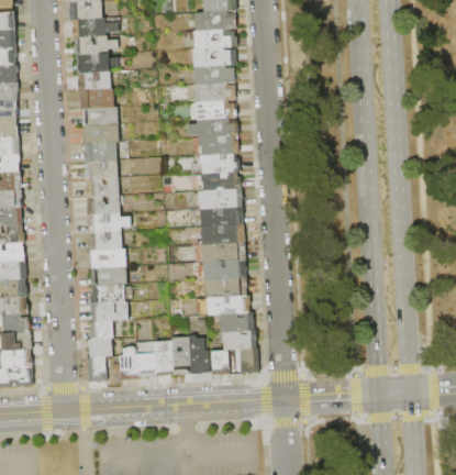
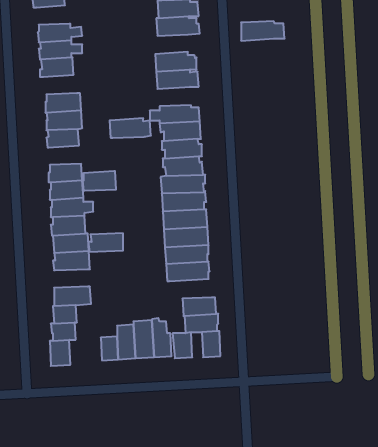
building: [71,18,118,37] -> none
building: [192,47,236,67] -> [241,21,285,41]
building: [79,88,113,108] -> none
building: [193,100,235,120] -> [110,118,151,138]
building: [84,159,118,179] -> [82,171,116,191]
building: [89,285,124,303] -> [88,233,123,252]
building: [207,295,251,316] -> none
building: [119,346,138,380] -> none

